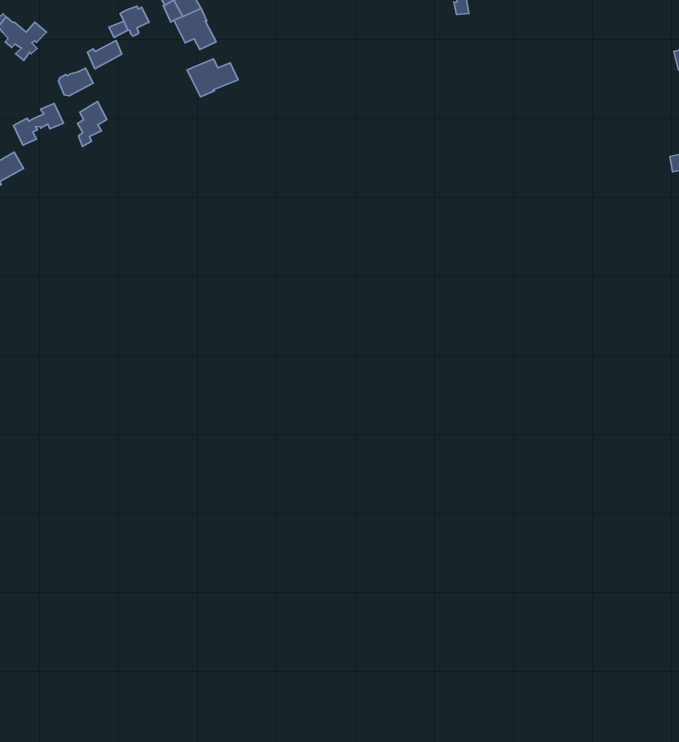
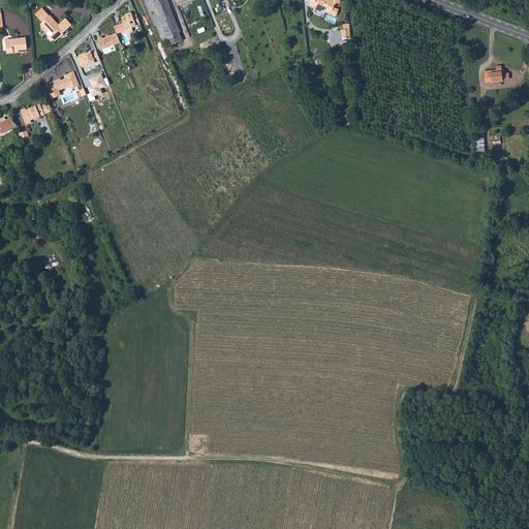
building: [187,59,238,97] -> none

